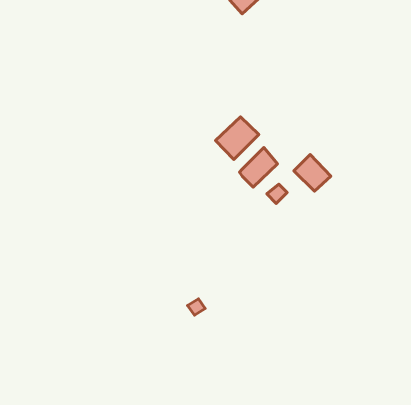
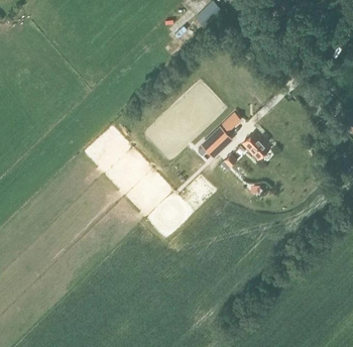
building: [216,117,259,160] -> none

